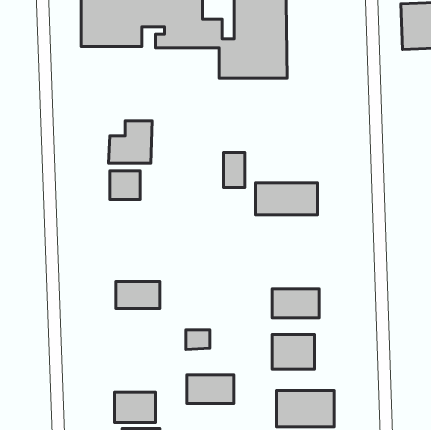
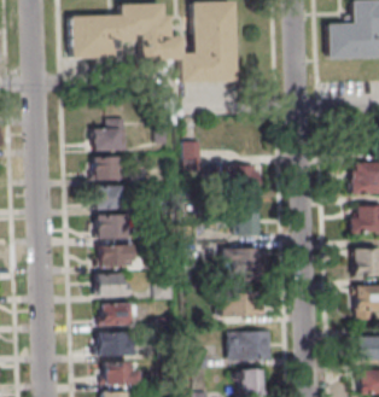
building: none -> [98,187,124,210]
building: none -> [235,206,257,234]
building: none -> [97,216,127,238]
building: none -> [97,274,129,298]
building: [187,375,234,404] -> [100,303,138,326]

